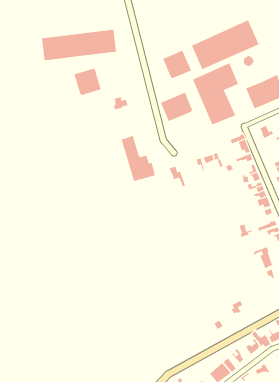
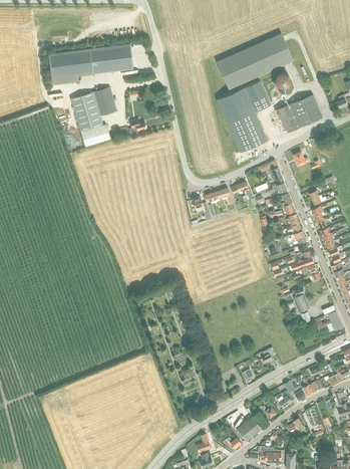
building: [163,50,192,79] -> none
building: [160,92,193,122] -> none
building: [121,135,156,182] -> [71,94,110,147]

